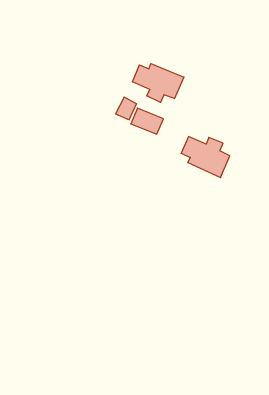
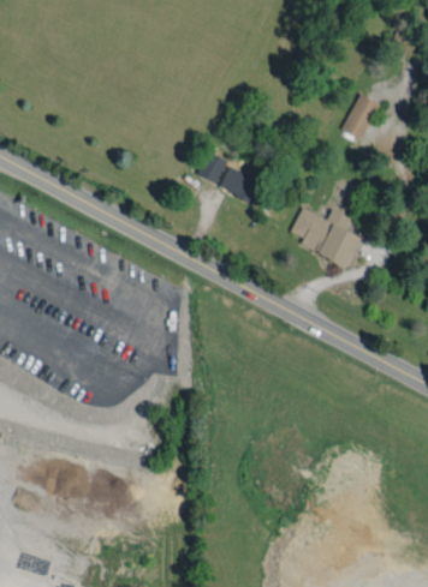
building: none -> [343,95,378,140]
building: [132,64,184,102] -> none

